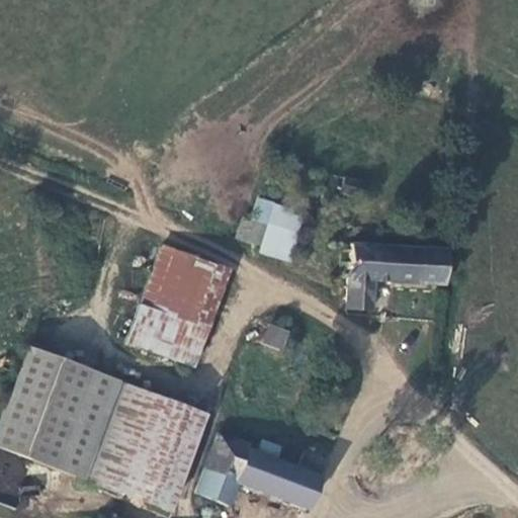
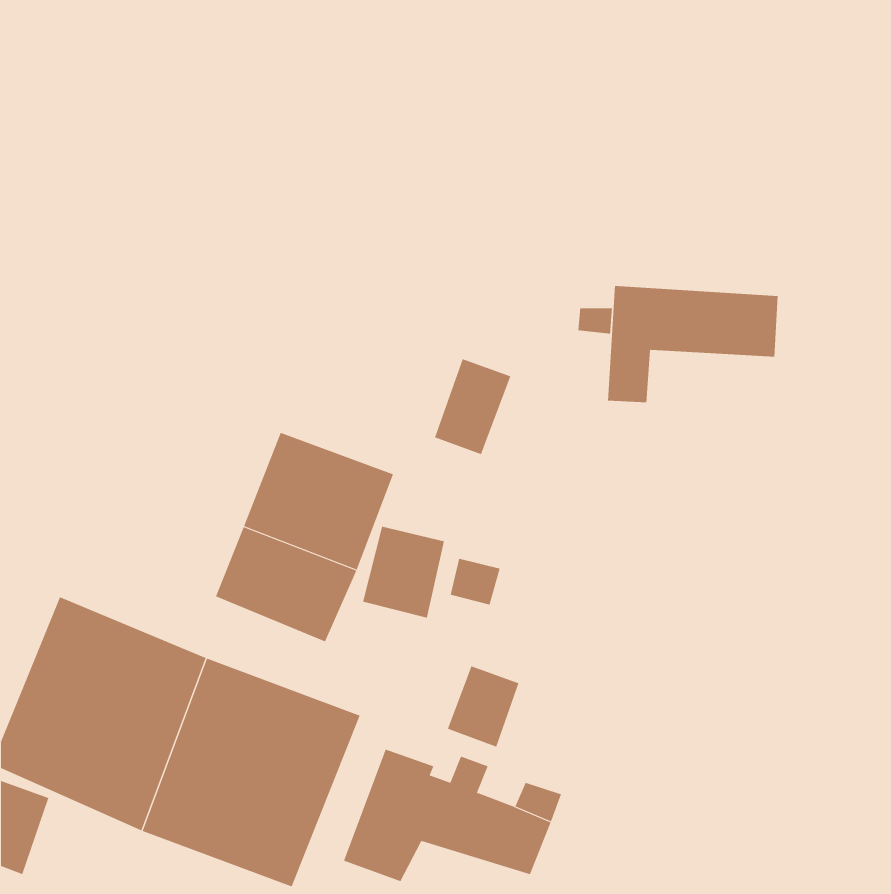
building: [348,240,447,308] -> [607,285,779,403]
building: none -> [363,526,444,618]
building: none -> [447,665,519,747]

